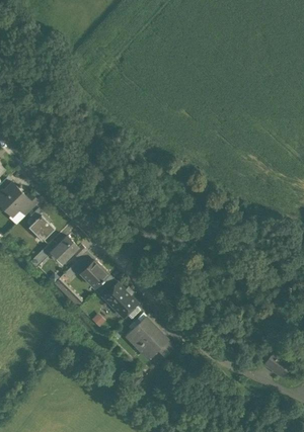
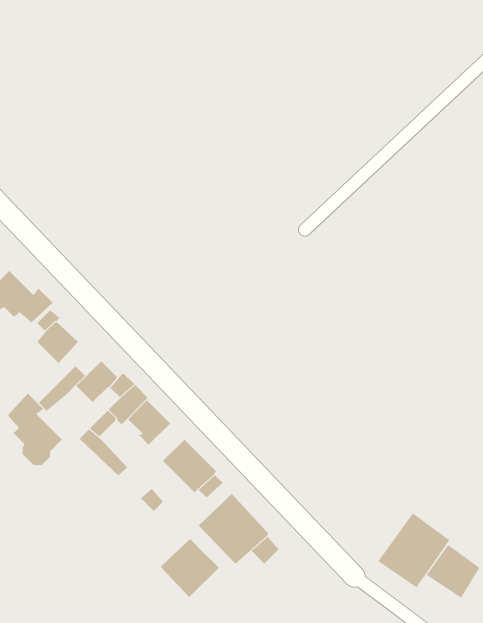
building: none -> [7,393,63,466]
building: none -> [378,513,450,588]
building: none -> [160,538,220,598]

